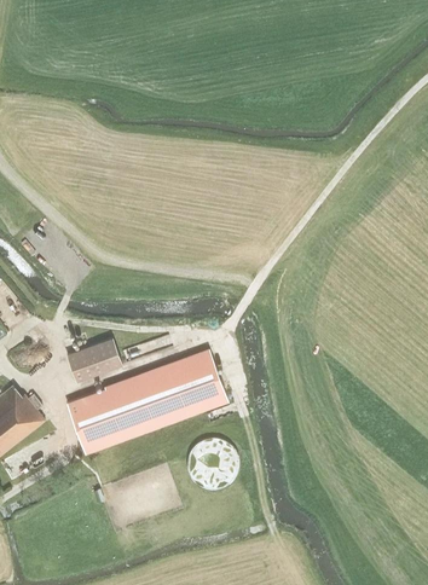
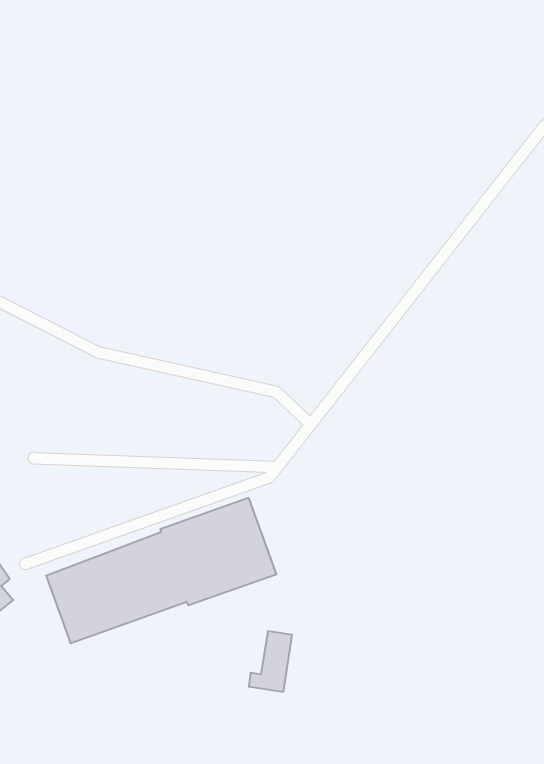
building: [66,337,122,381] -> none

